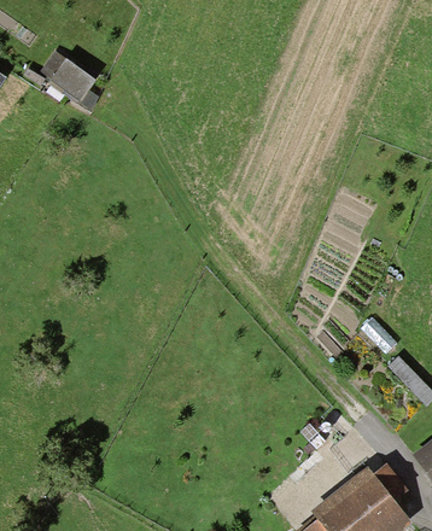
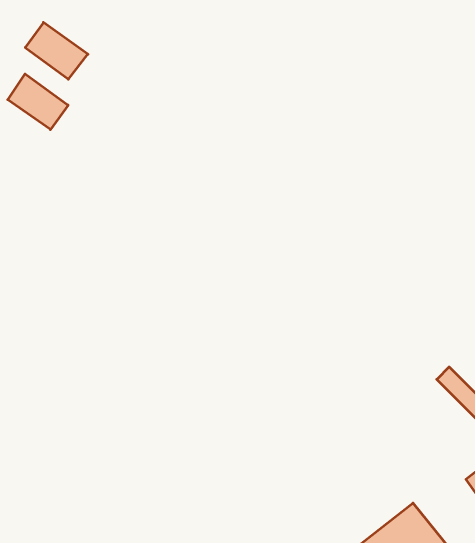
building: none -> [8,74,68,130]

